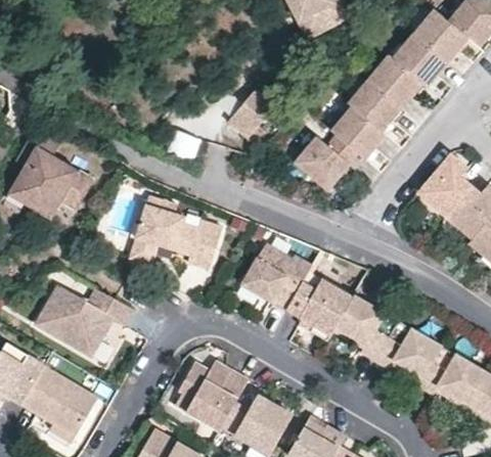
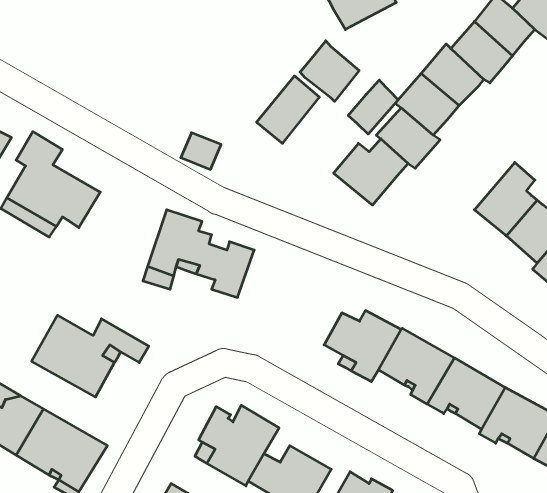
building: none -> [300,41,359,101]
building: none -> [348,80,398,134]
building: [238,241,313,310] -> none

